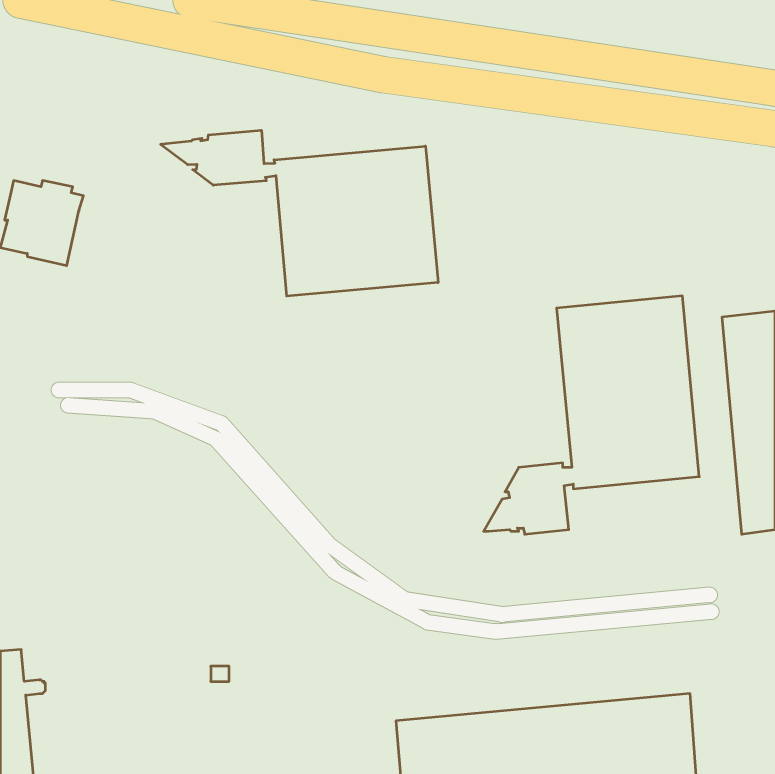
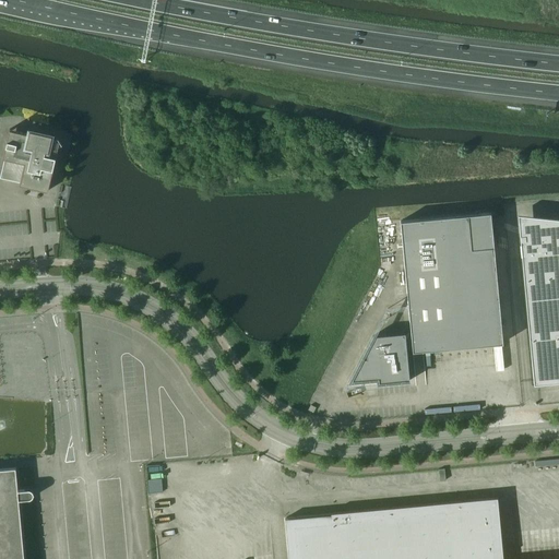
building: [161,130,438,296] -> none

